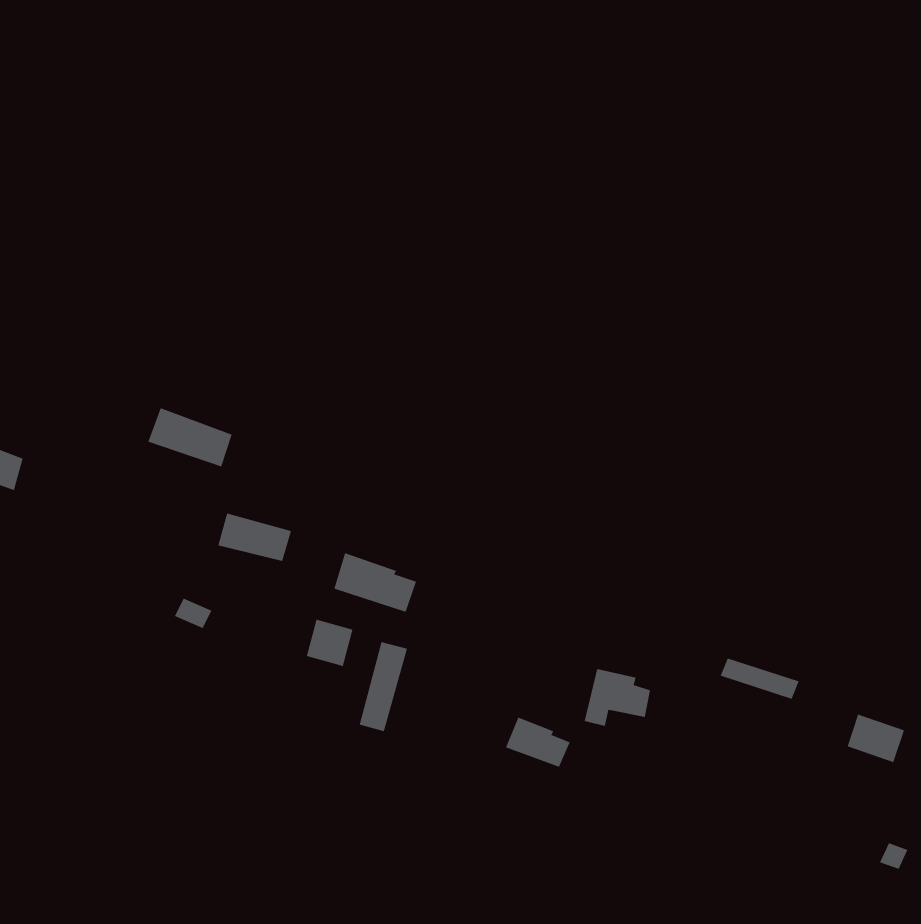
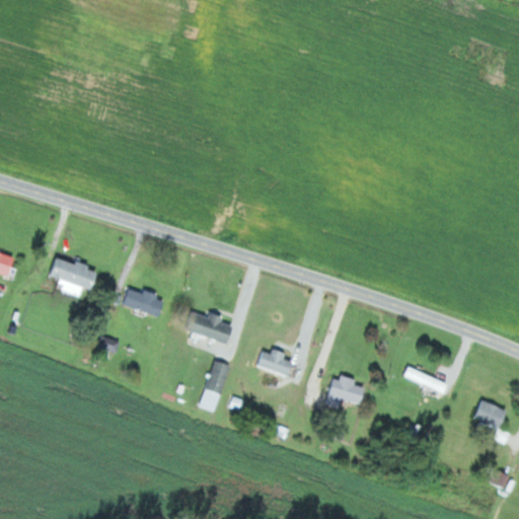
building: [147,407,233,467] -> [50,256,97,290]
building: [306,619,353,667] -> none
building: [505,717,570,767] -> [256,348,293,376]

